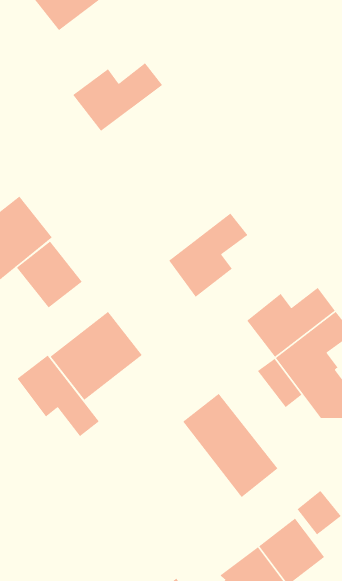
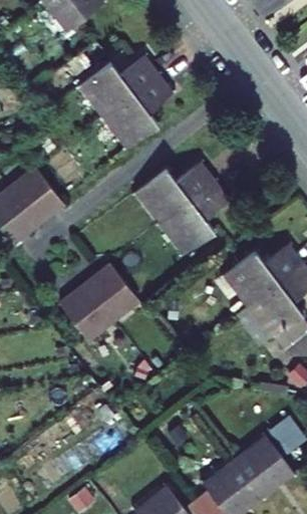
building: none -> [103,76,170,148]
building: none -> [135,163,212,223]
building: [16,241,83,308] -> none
building: [16,354,100,437] -> none
building: [182,393,278,498] -> none

